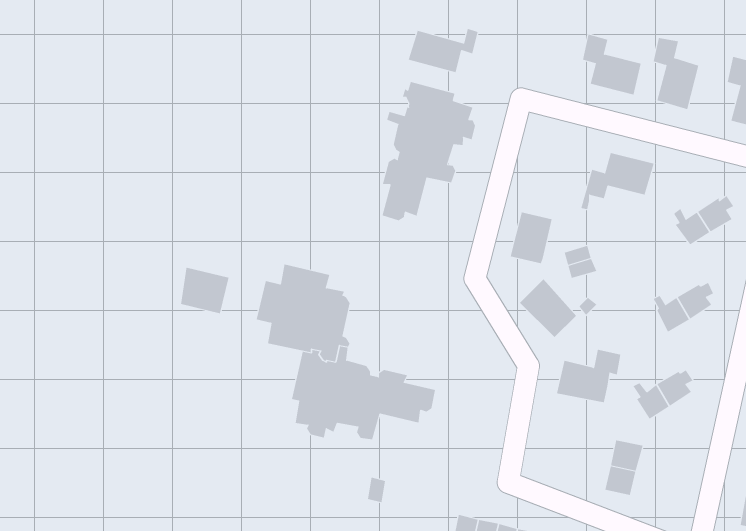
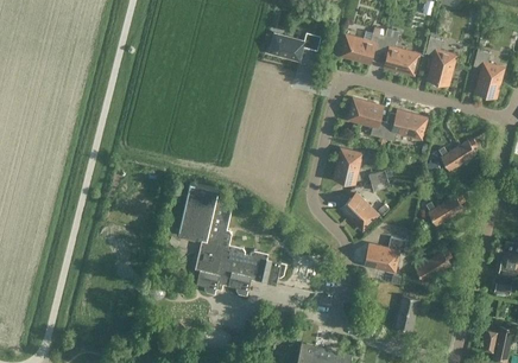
building: none -> [340,27,384,63]
building: [382,81,476,221] -> none
building: none -> [347,100,386,139]
building: [181,267,229,314] -> none

